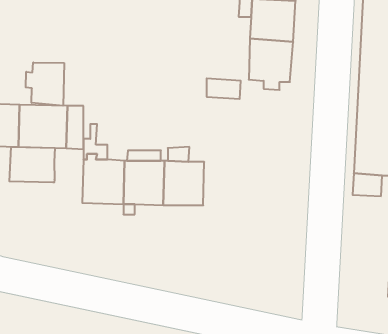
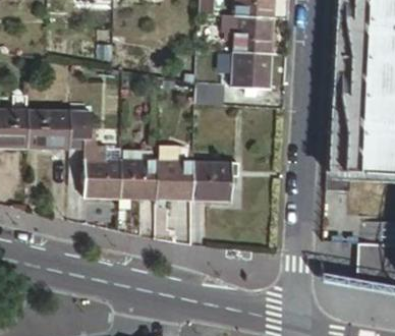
building: [26,62,64,106] -> none
building: [9,147,55,182] -> none
building: none -> [191,161,239,201]

